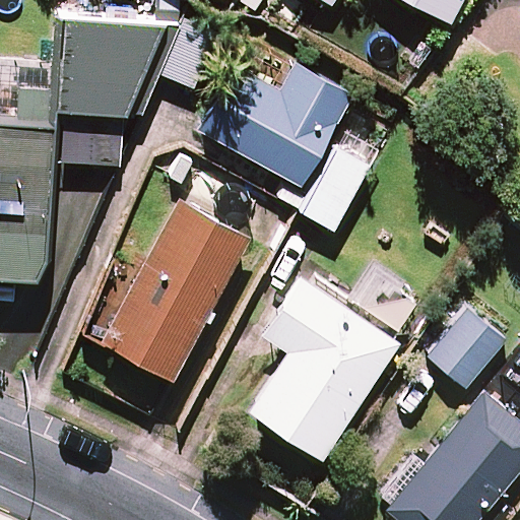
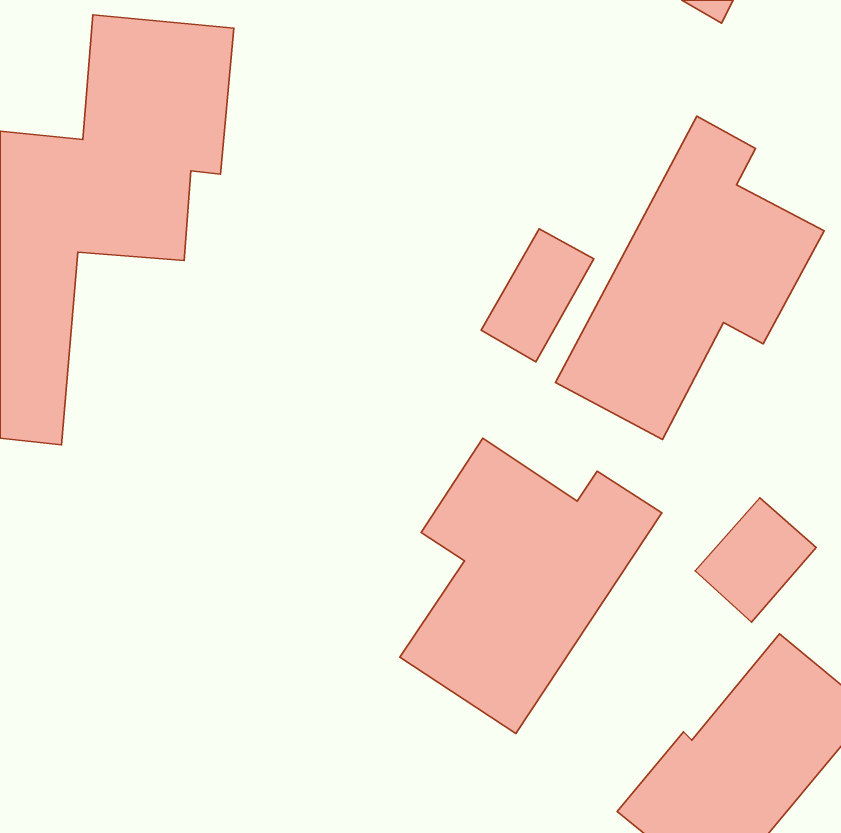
building: [197,64,351,188] -> none
building: none -> [555,116,824,440]
building: [85,165,255,381] -> none

